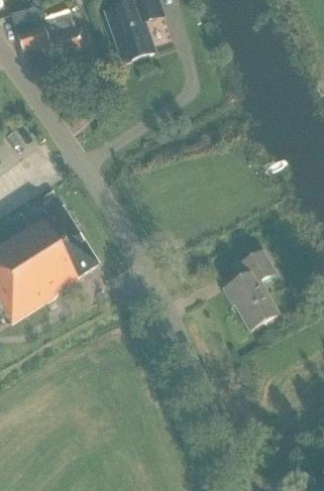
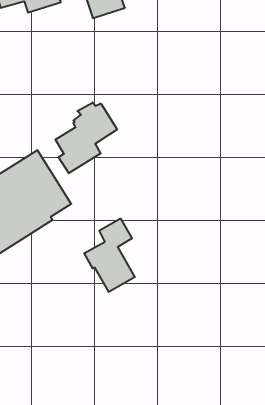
building: none -> [55,102,117,173]
building: [223,250,278,329] -> [84,219,135,292]

